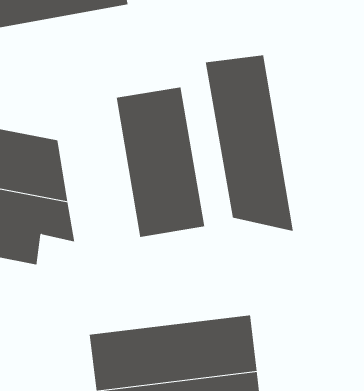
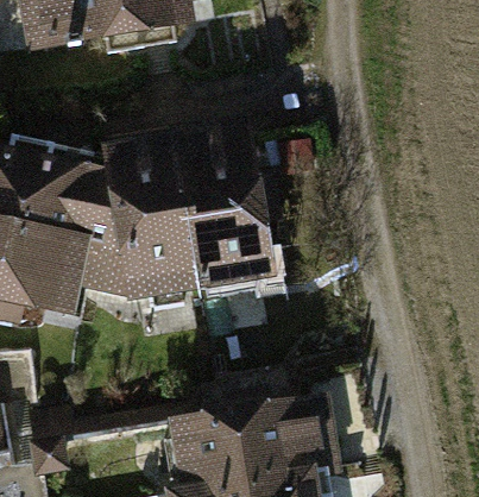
building: [205,55,294,232] -> none
building: none -> [87,131,191,312]

